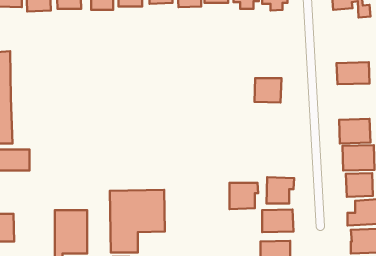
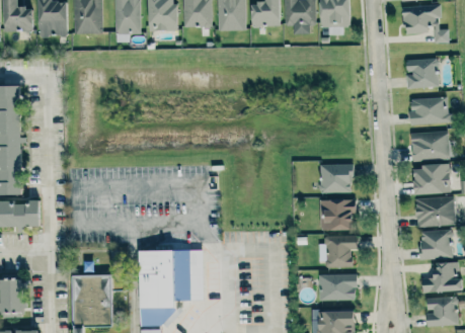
building: none -> [406,58,439,87]
building: [254,78,281,103] -> [320,164,353,193]
building: none -> [411,132,449,160]
building: [230,183,258,209] -> [321,199,356,231]

